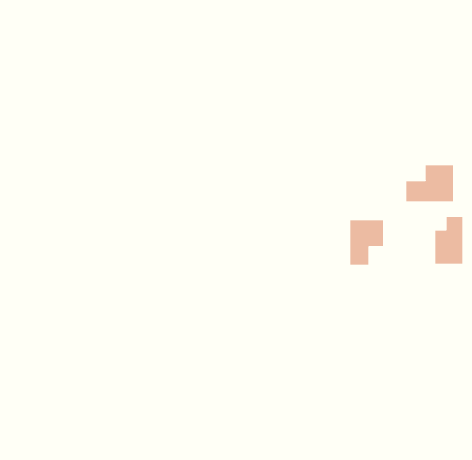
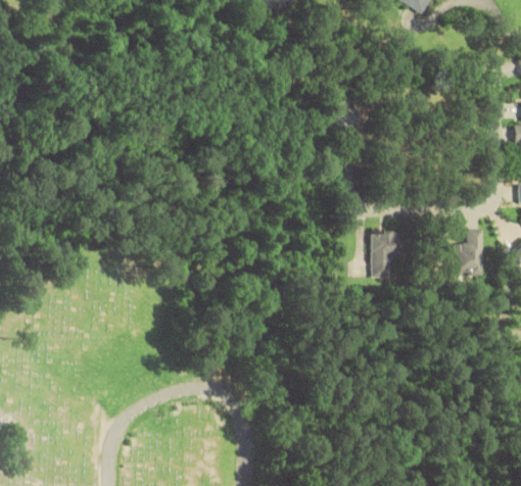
building: [406,165,453,202] -> none

